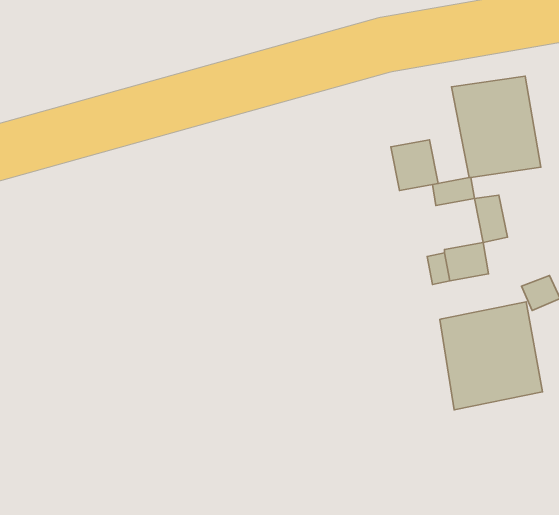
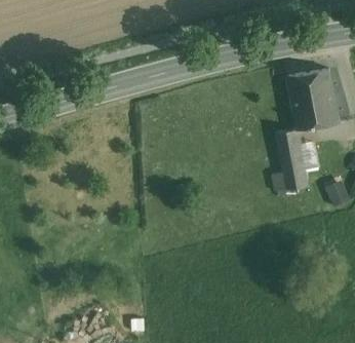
building: [391,140,438,191] -> [276,142,304,171]
building: [440,302,542,410] -> none

